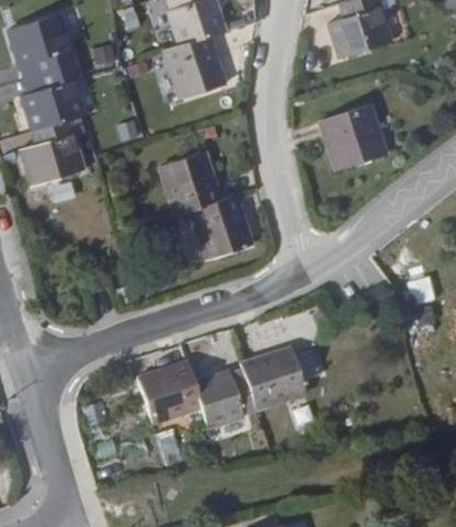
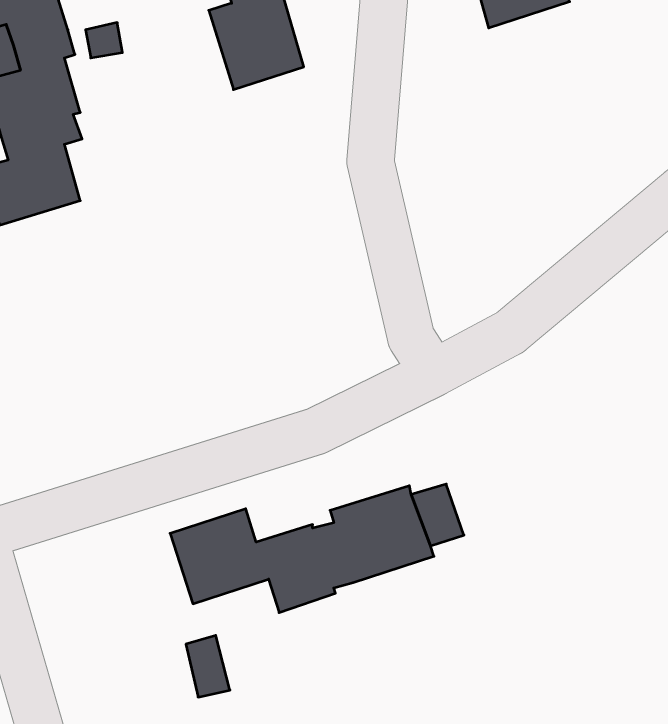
building: [322,105,385,170] -> none
building: [163,153,252,258] -> none

